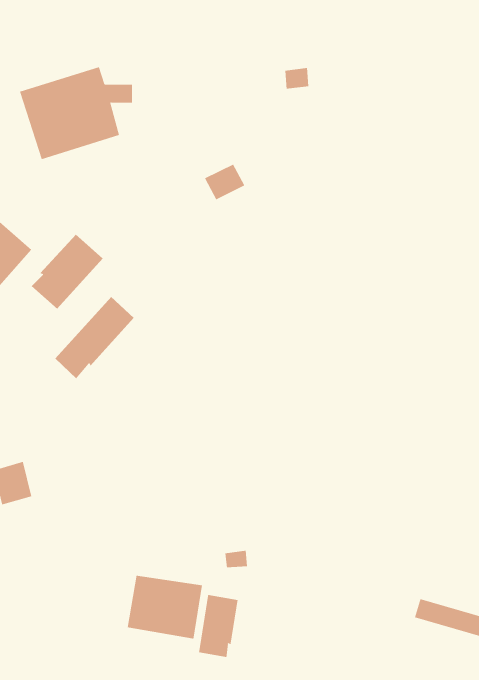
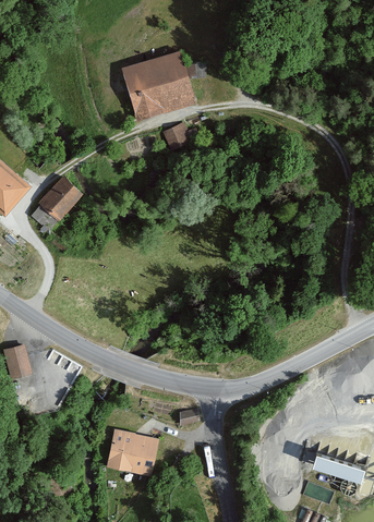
building: [19,67,133,160] -> [121,50,206,120]
building: [54,296,134,379] -> none
building: [198,594,238,658] -> none

